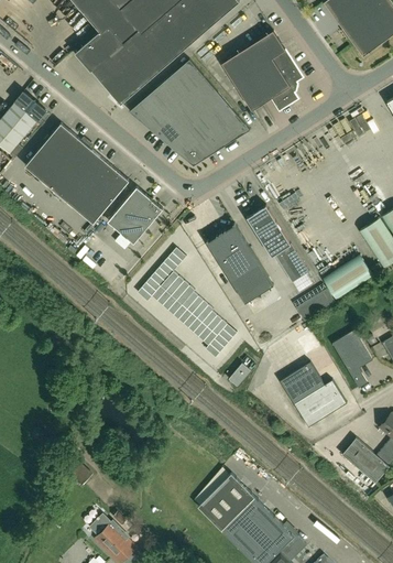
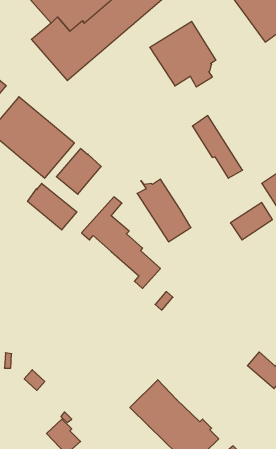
building: [129,59,250,166] -> none
building: [247,205,308,282] -> [192,116,243,178]
building: none -> [28,183,77,230]
building: [331,329,371,388] -> none
building: [280,364,346,426] -> none

